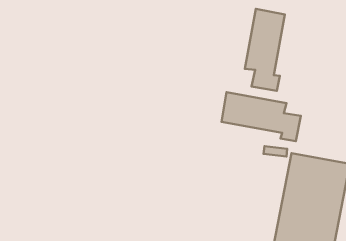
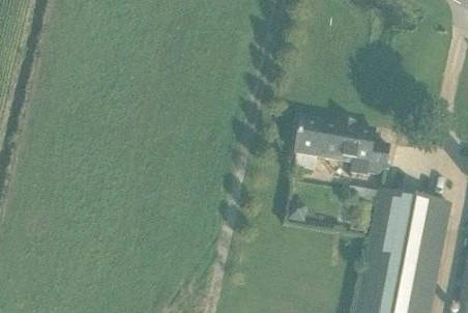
building: [245,9,285,91] -> none

